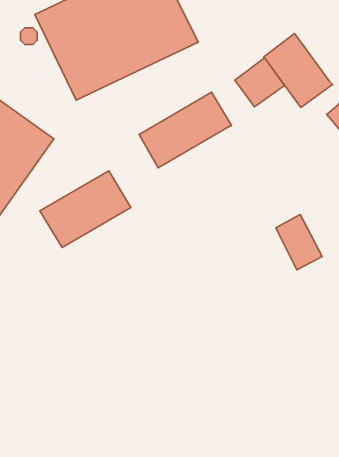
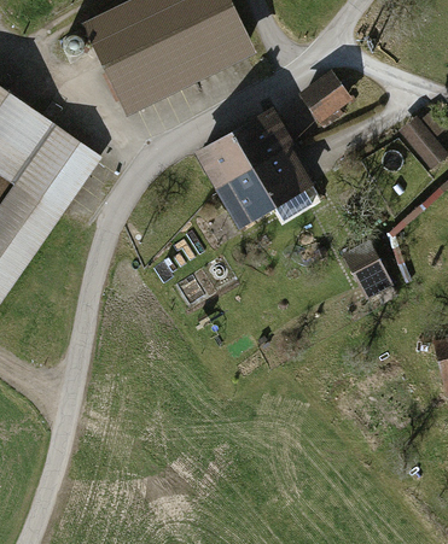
building: [264,34,332,107] -> none
building: [40,171,131,248] -> [215,146,314,229]

